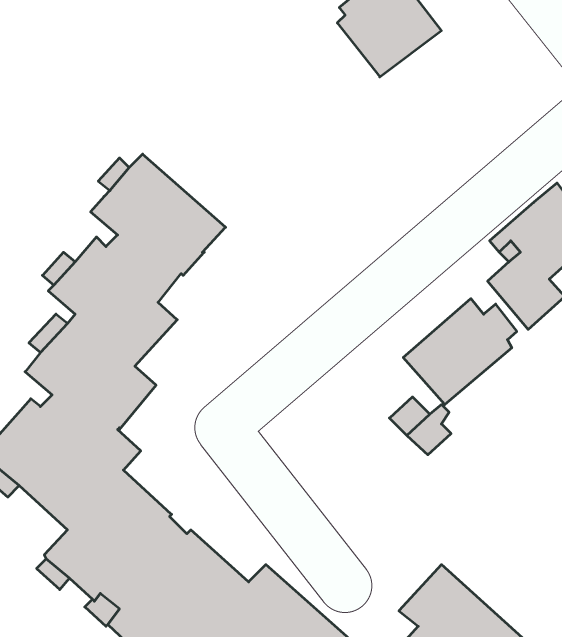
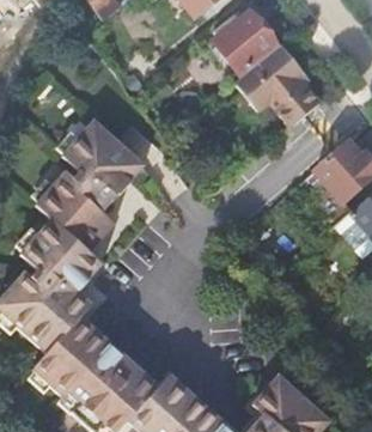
building: none -> [236,44,321,127]
building: [403,299,517,405] -> none

